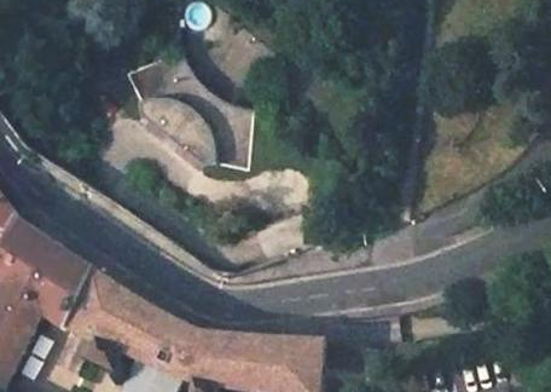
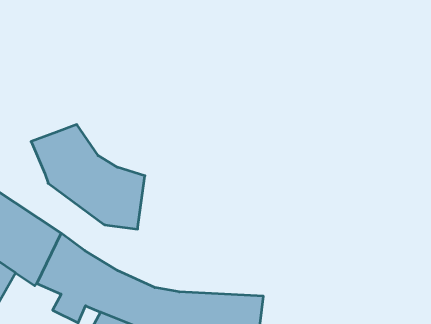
building: [122,50,251,168] -> [31,125,145,229]

